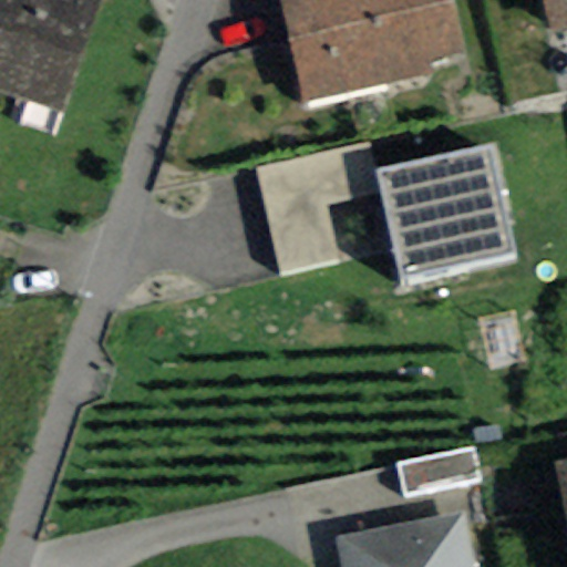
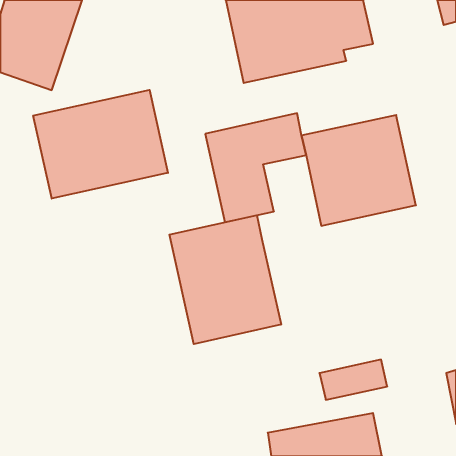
building: none -> [33,90,168,199]
building: none -> [169,215,281,344]

